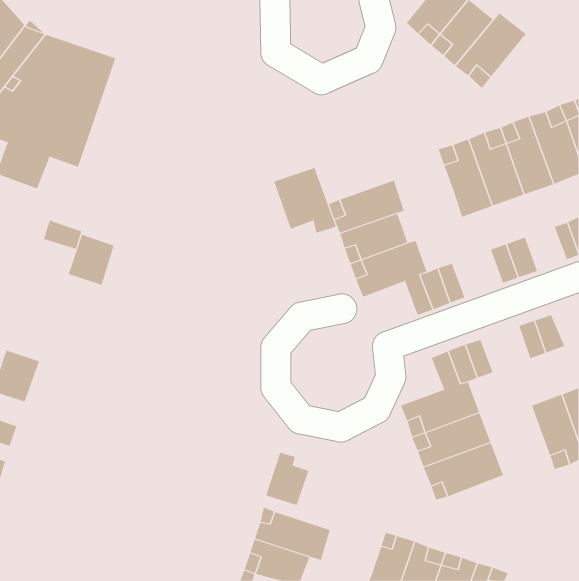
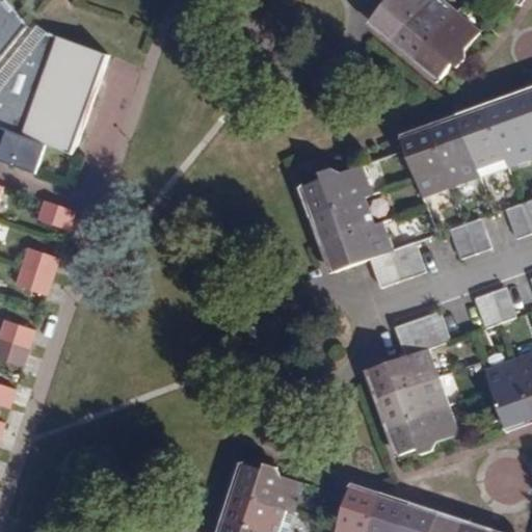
building: [273,167,337,234] -> none
building: [68,234,115,285] -> [17,247,59,294]
building: [265,452,309,506] -> none

